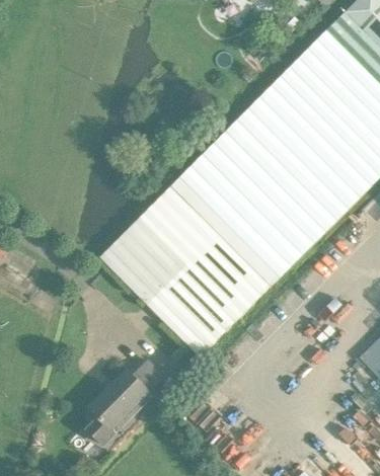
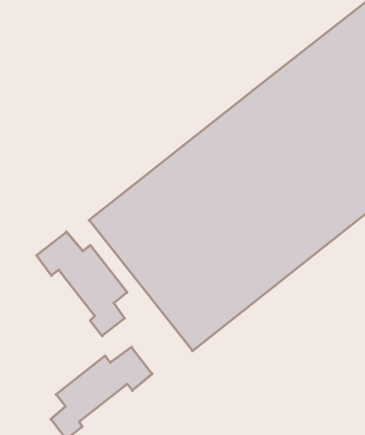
building: none -> [37,232,127,336]

